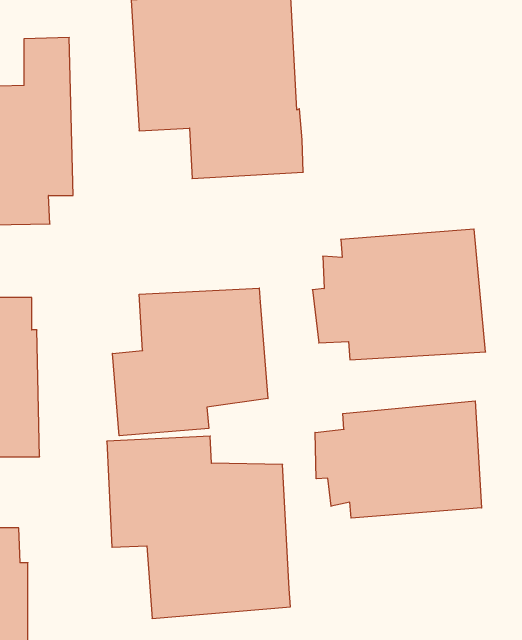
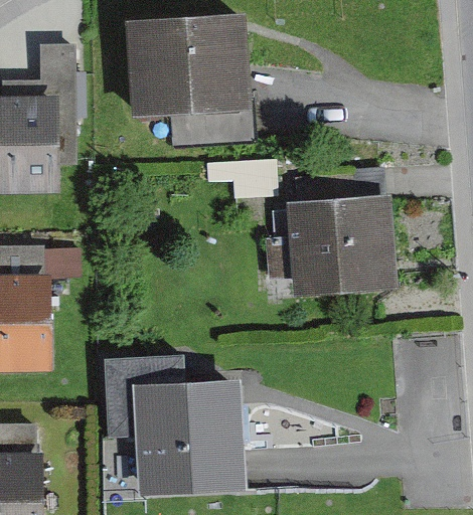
building: [112,288,268,436] -> none
building: [315,401,482,518] -> none

